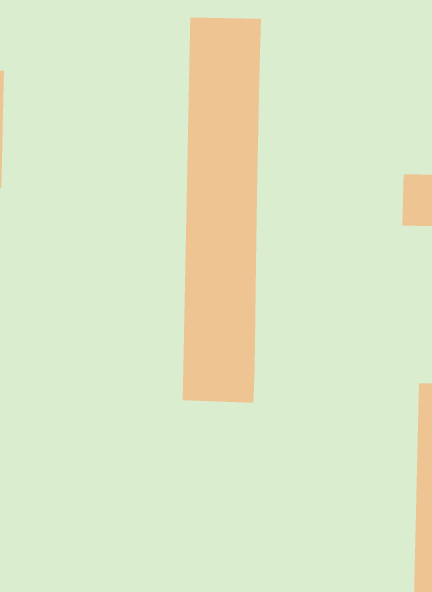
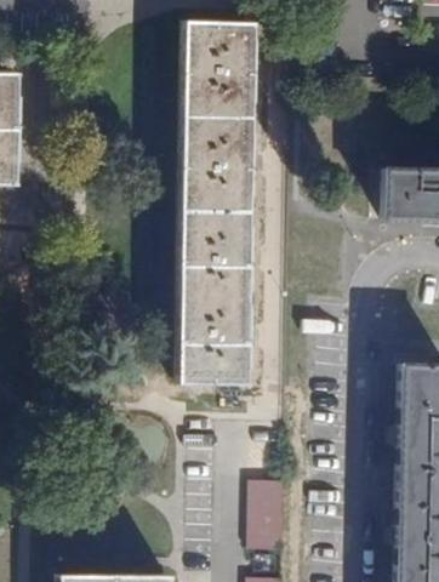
building: none -> [252,489,289,554]

